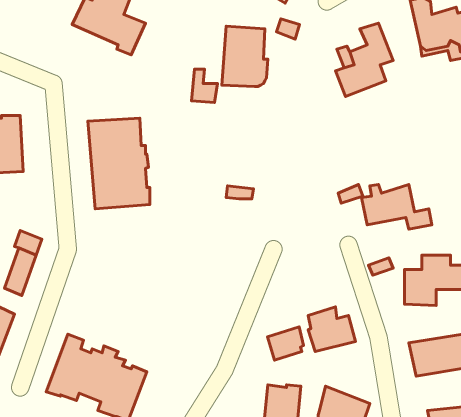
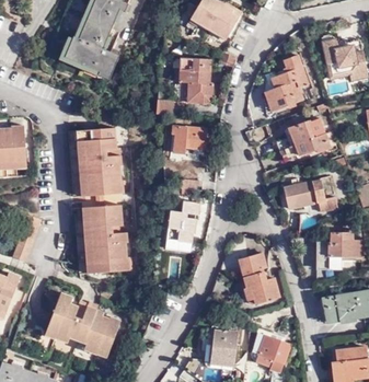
building: none -> [277,117,330,160]
building: none -> [172,126,206,153]
building: none -> [165,200,200,243]
building: none -> [82,205,129,274]
building: [267,327,303,360] -> [238,253,265,278]

